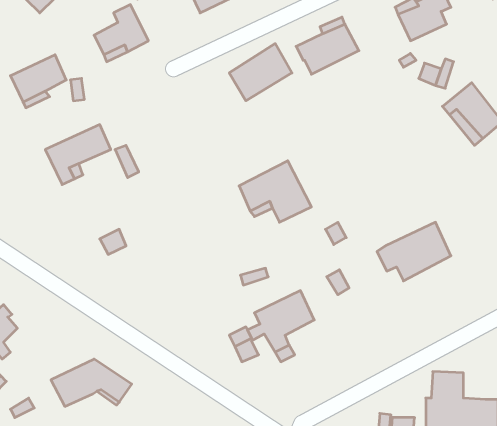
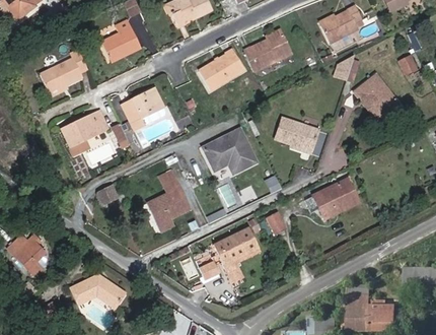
building: none -> [124,84,166,124]
building: none -> [276,117,320,153]
building: none -> [147,180,191,231]

